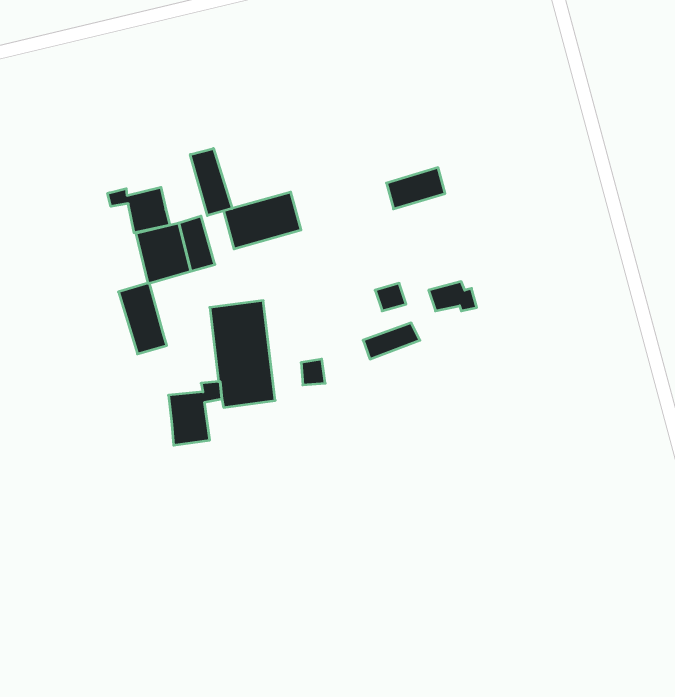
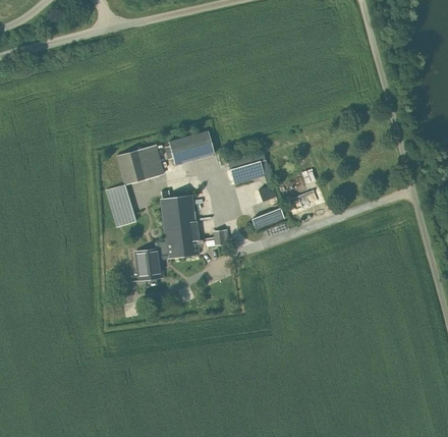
building: [190,148,232,216] -> none
building: [386,168,445,209] -> [230,160,265,184]
building: [108,187,170,233] -> none

